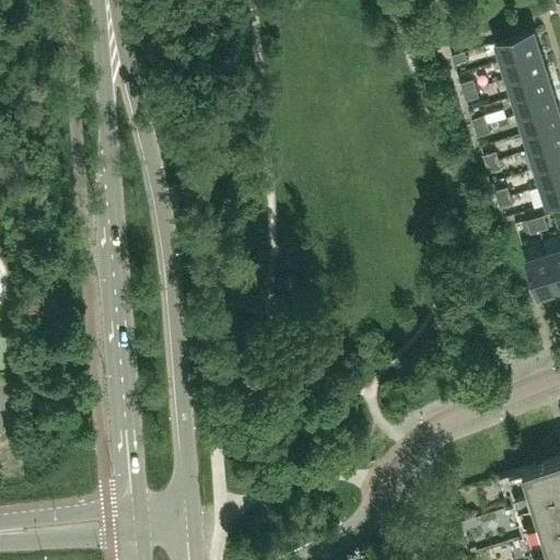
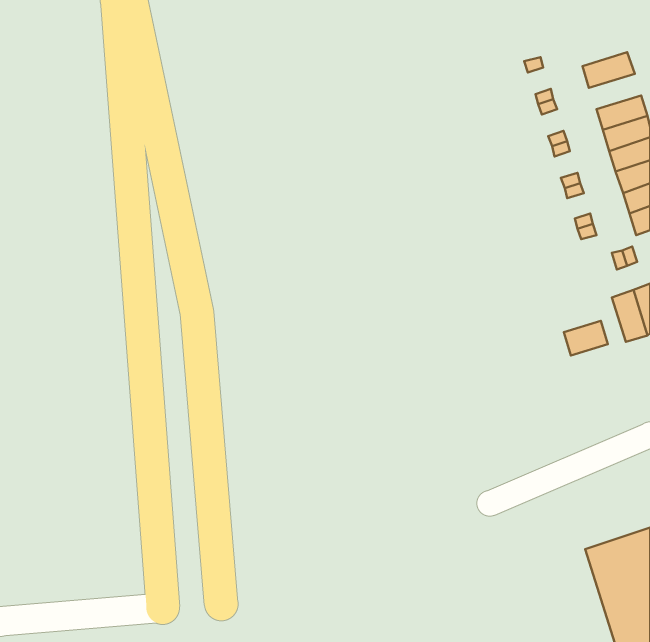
building: [495,34,539,63] -> none
building: [506,70,551,100] -> none
building: none -> [564,321,608,356]

